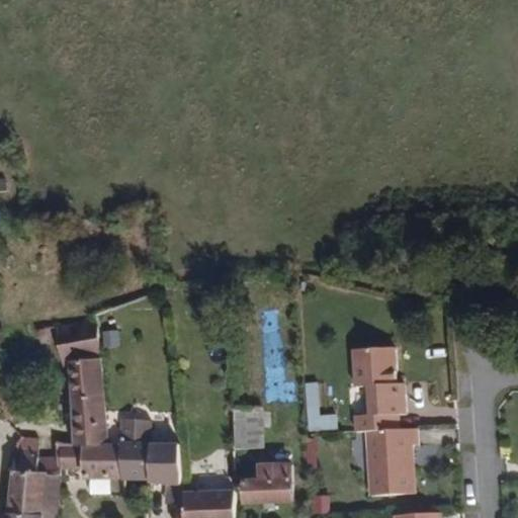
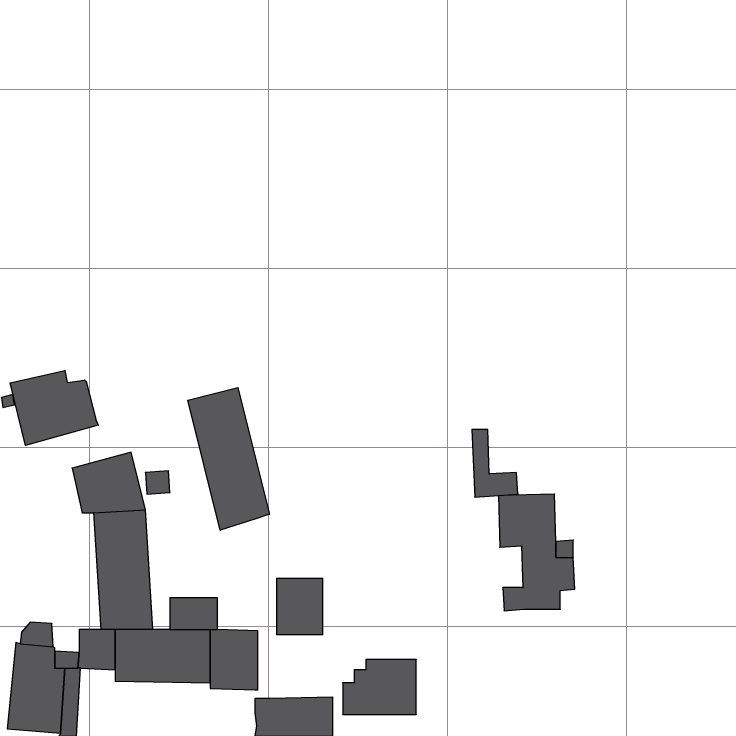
building: none -> [10,370,98,445]
building: none -> [188,388,269,530]
building: [307,383,339,431] -> [472,429,518,497]
building: [234,410,266,449] -> [277,578,323,635]
building: [368,427,417,496] -> none

